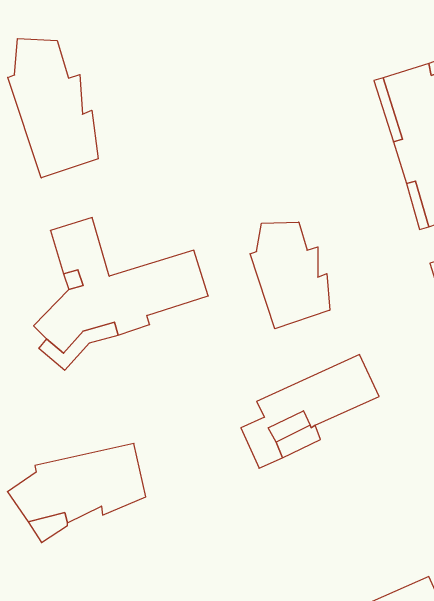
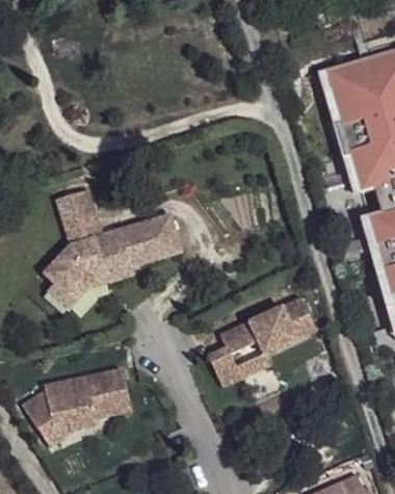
building: [8,39,98,178] -> none
building: [250,222,330,329] -> none

